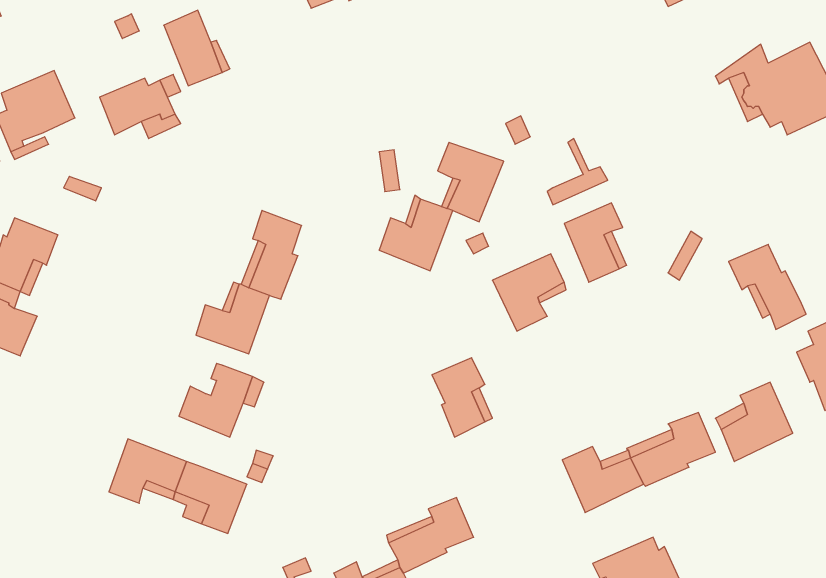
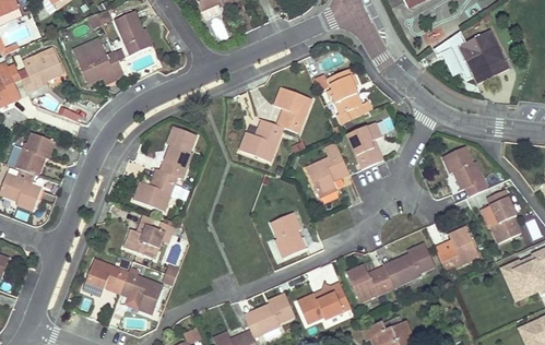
building: none -> [72,36,105,61]
building: none -> [328,68,358,114]
building: none -> [297,284,351,323]

